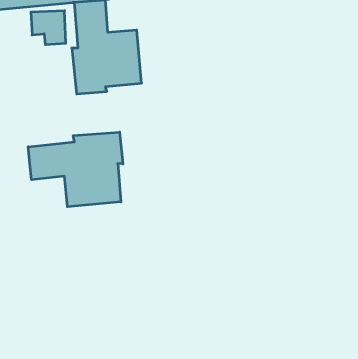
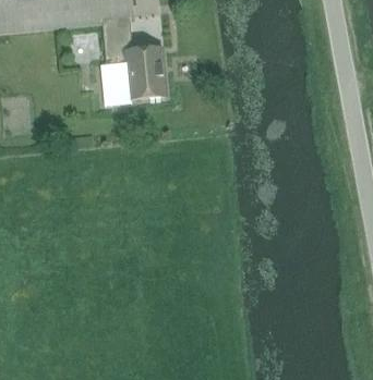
building: [28,132,123,207] -> none

